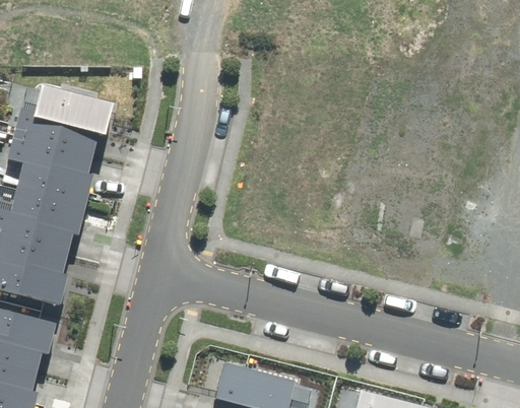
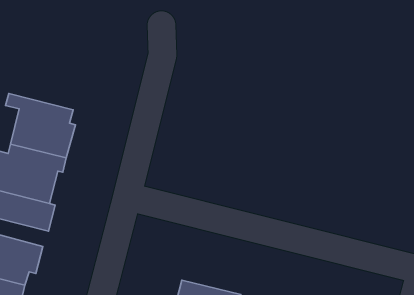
building: [14,85,106,157] -> none

